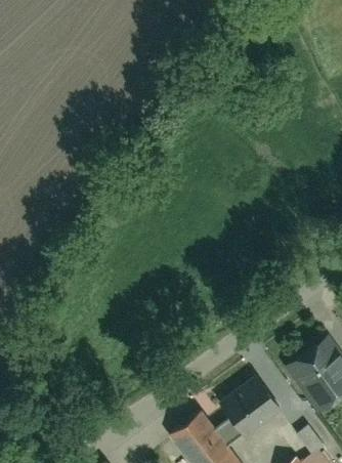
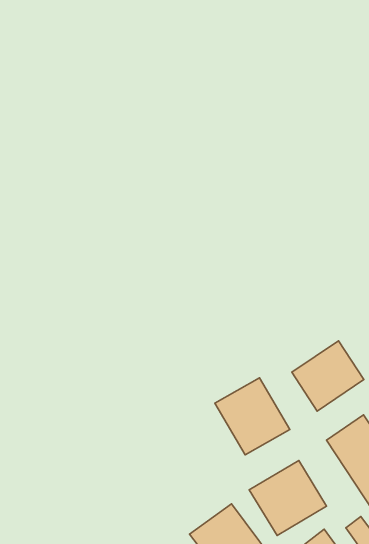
building: none -> [292,341,364,411]
building: none -> [215,378,290,455]

